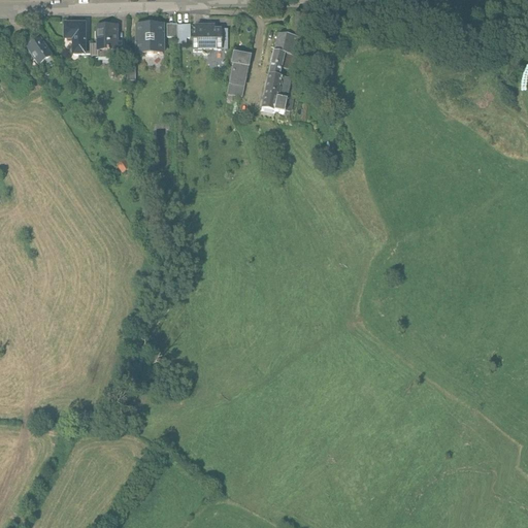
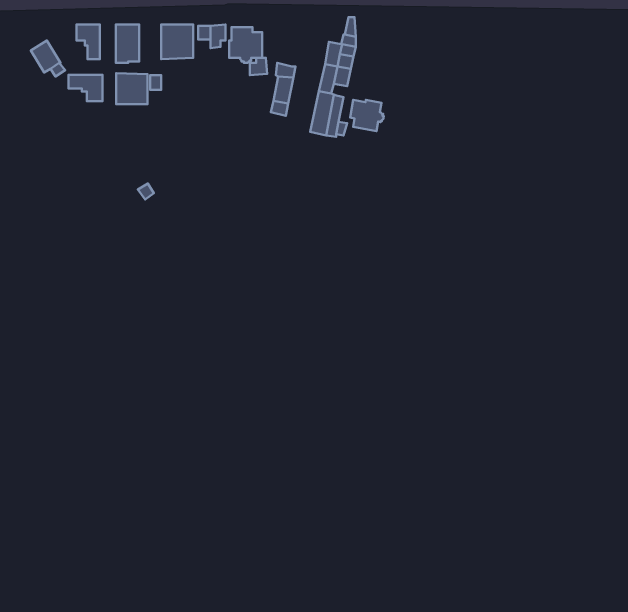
building: none -> [116,73,147,104]
building: none -> [69,75,102,101]
building: none -> [350,100,384,131]

